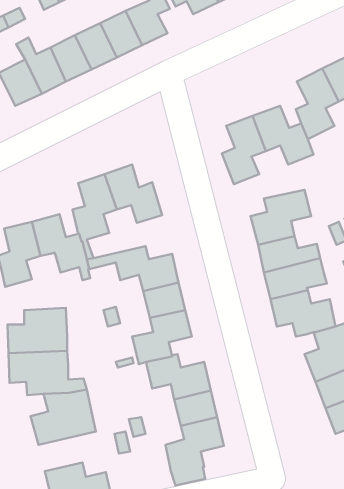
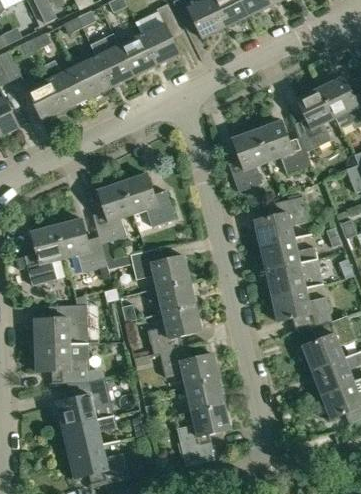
building: none -> [62,416,117,452]

